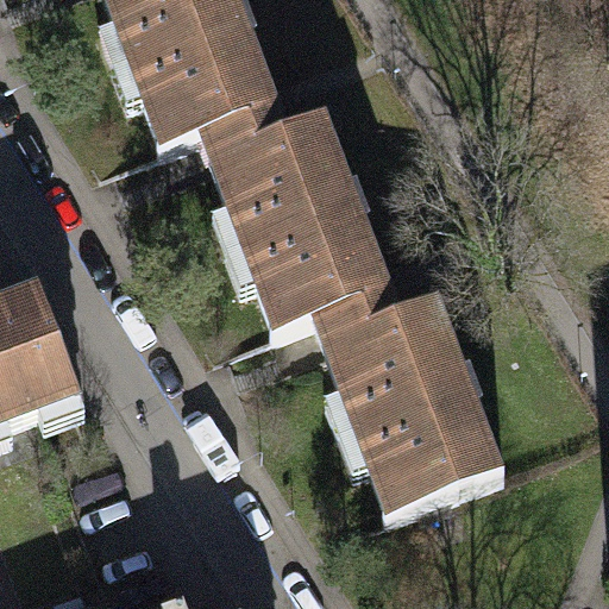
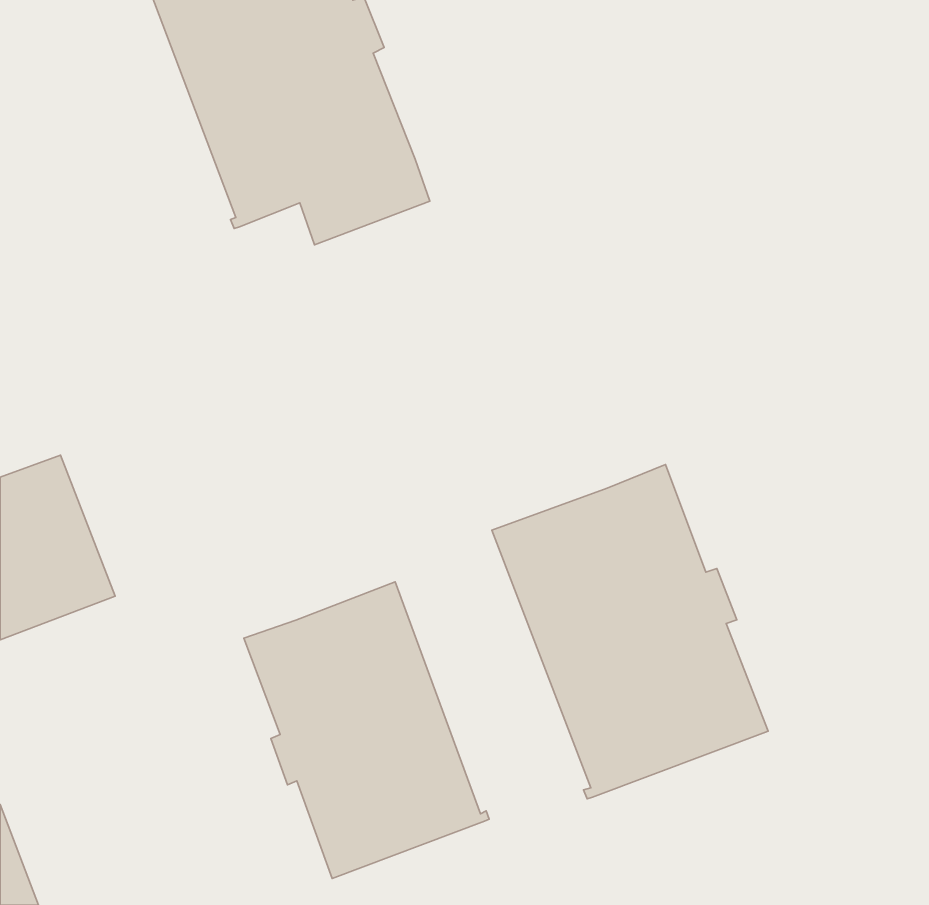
building: [208,117,398,345] -> none
building: none -> [244,582,489,878]

